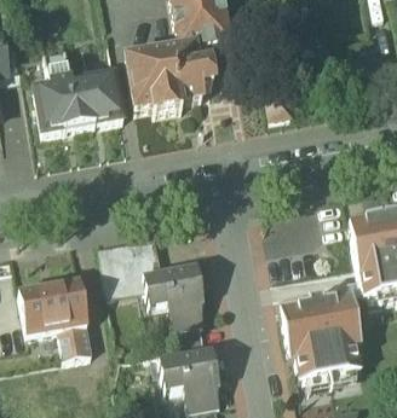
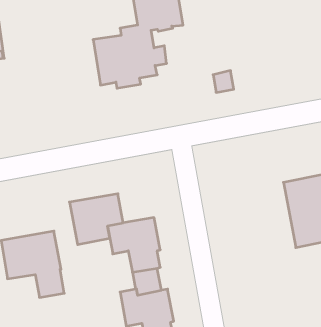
building: [34,48,123,132] -> none
building: [280,291,363,379] -> none

